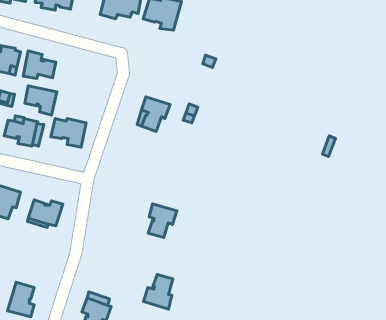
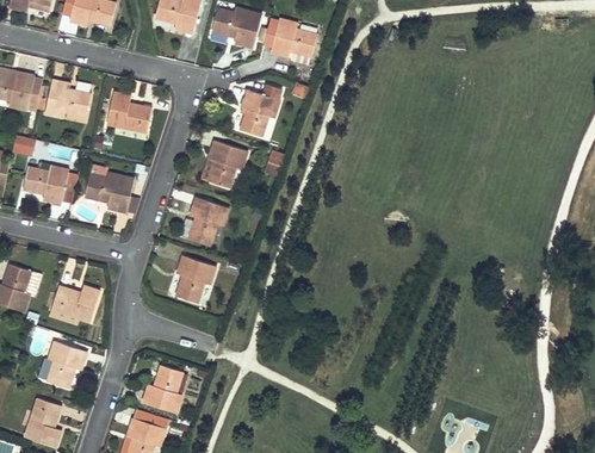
building: none -> [264,17,318,55]
building: none -> [240,91,278,138]
building: [25,86,57,115] -> [107,93,151,134]
building: none -> [187,198,227,247]
building: [148,204,177,238] -> [175,257,215,304]
building: none -> [47,340,86,386]
building: [143,275,173,309] -> [142,367,182,415]

